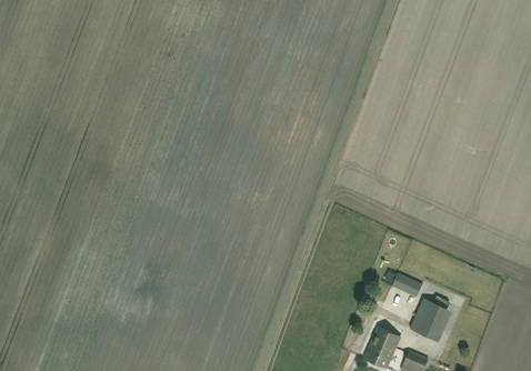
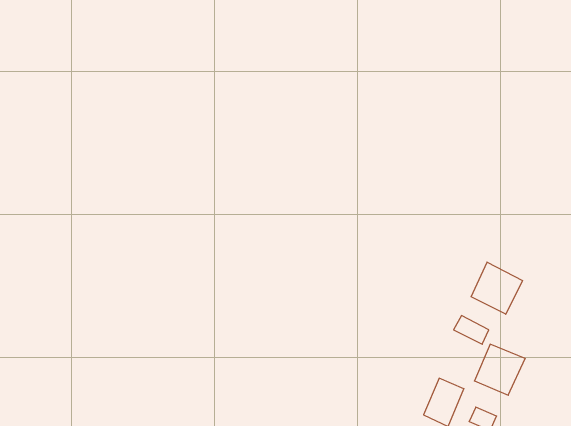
building: none -> [471,262,523,314]

